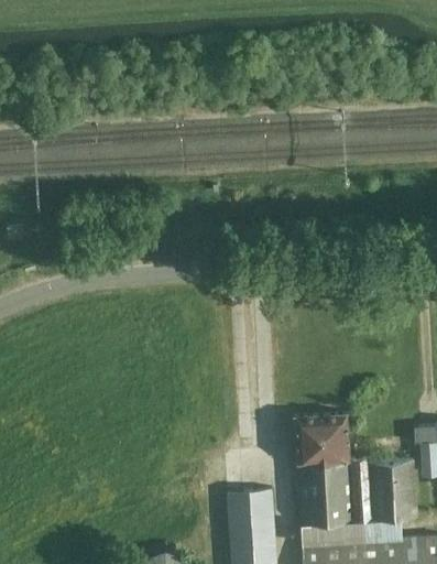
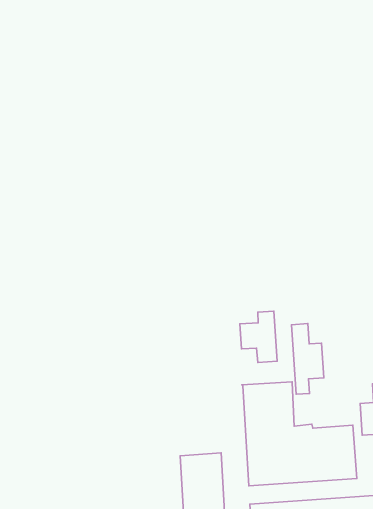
building: none -> [240,311,277,363]
building: none -> [291,324,324,394]

